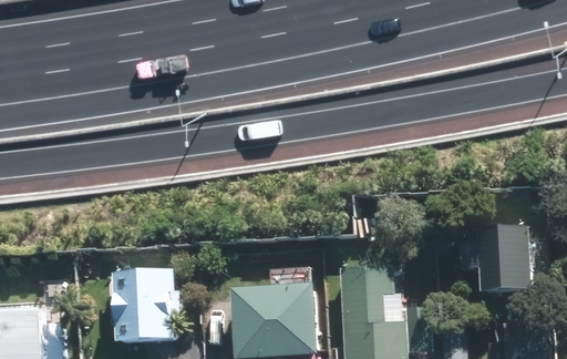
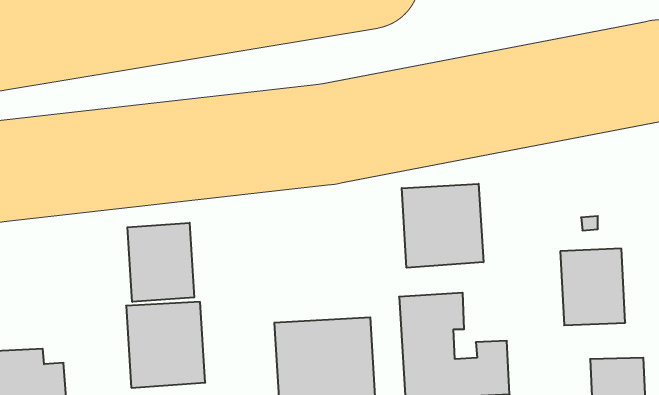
building: none -> [402,184,483,268]
building: none -> [127,223,194,302]

